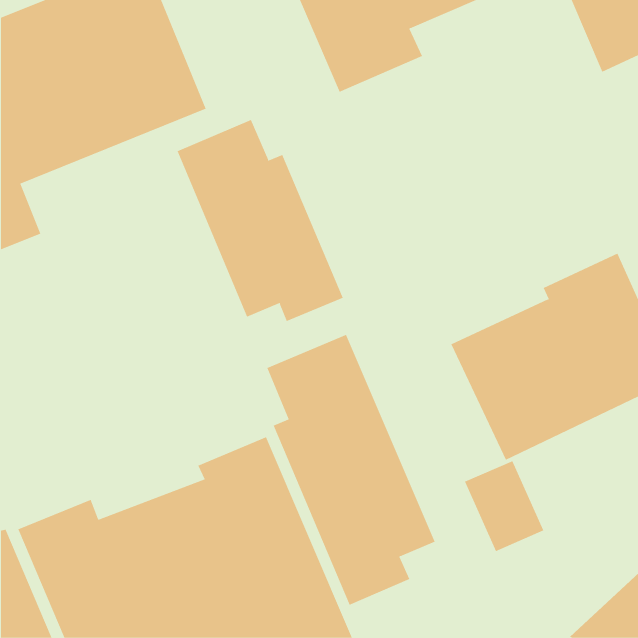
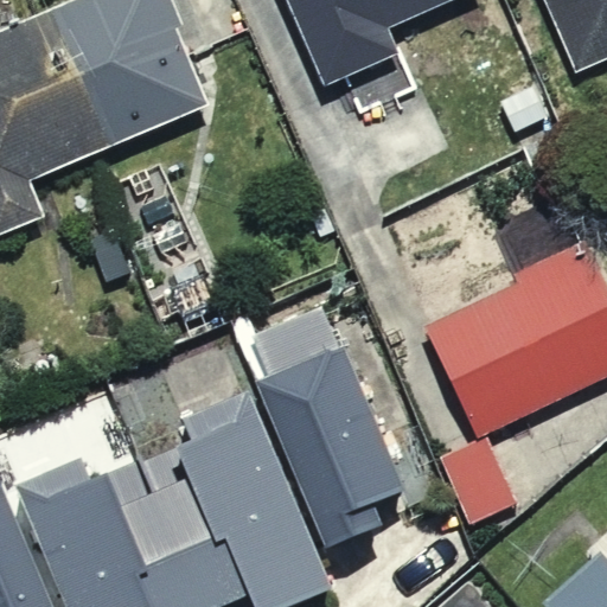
building: [177,119,344,322] -> none

